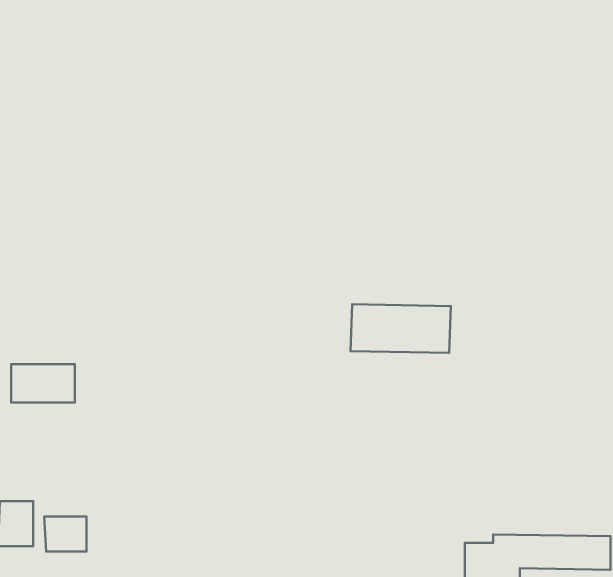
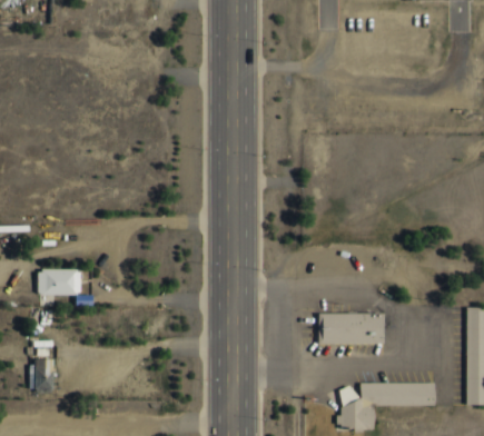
building: [351,304,451,353] -> [318,313,385,345]
building: [44,516,87,551] -> none

